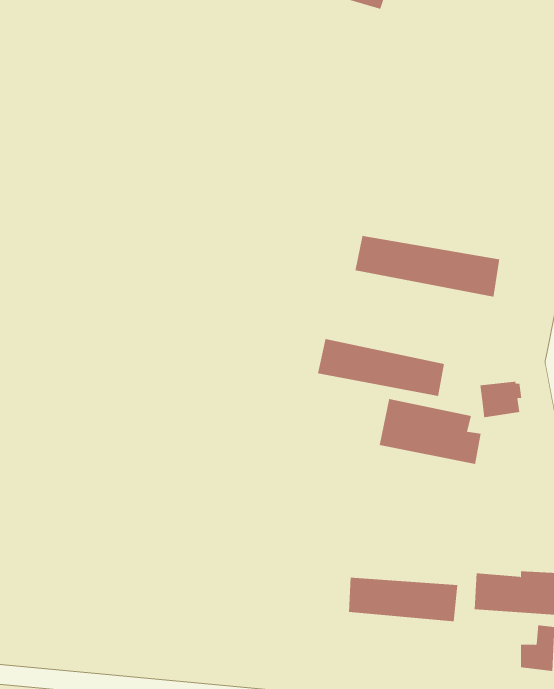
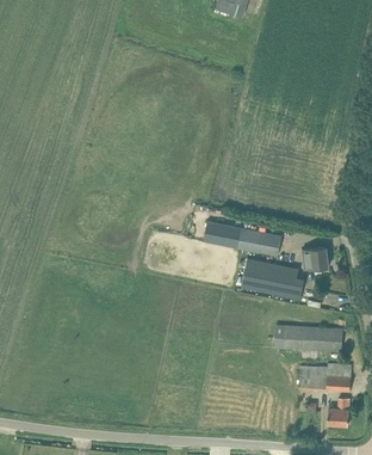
building: [355,235,500,297] -> none
building: [348,577,458,622] -> [274,325,342,352]

